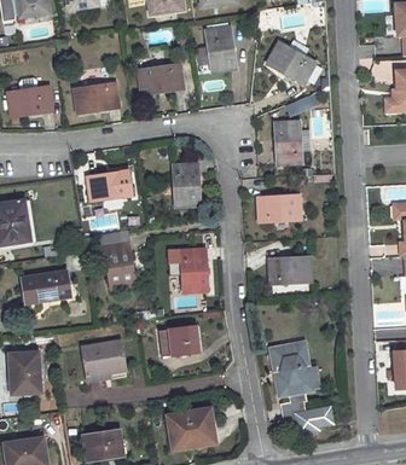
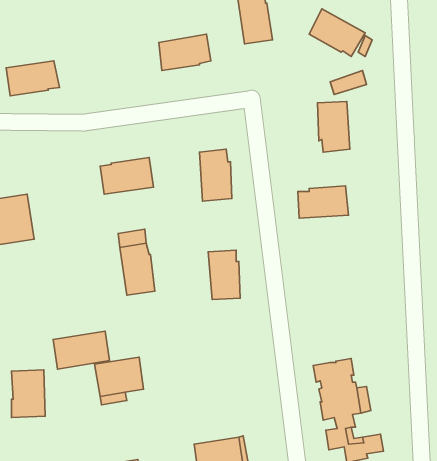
building: [74,82,118,112] -> none
building: [268,256,312,284] -> none
building: [22,271,70,303] -> [53,331,109,369]
building: [158,325,199,356] -> none

